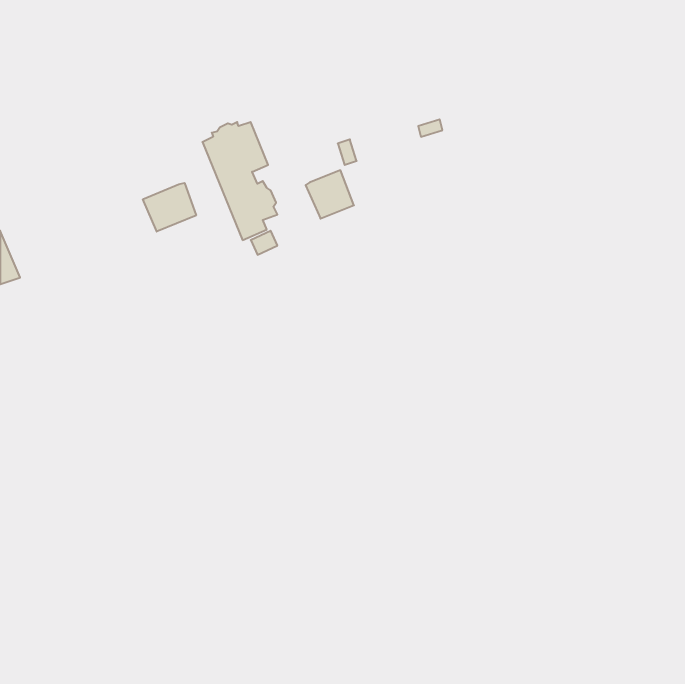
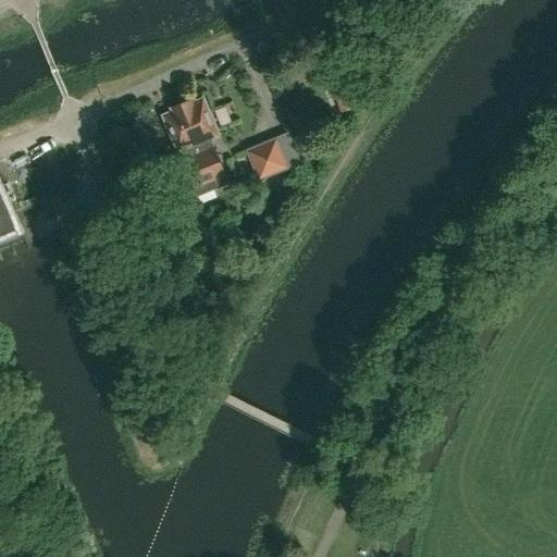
building: [143,183,196,232] -> none

